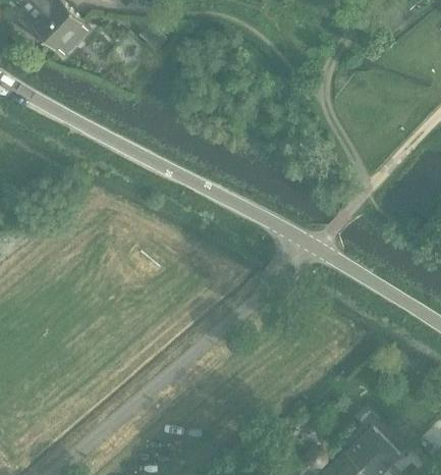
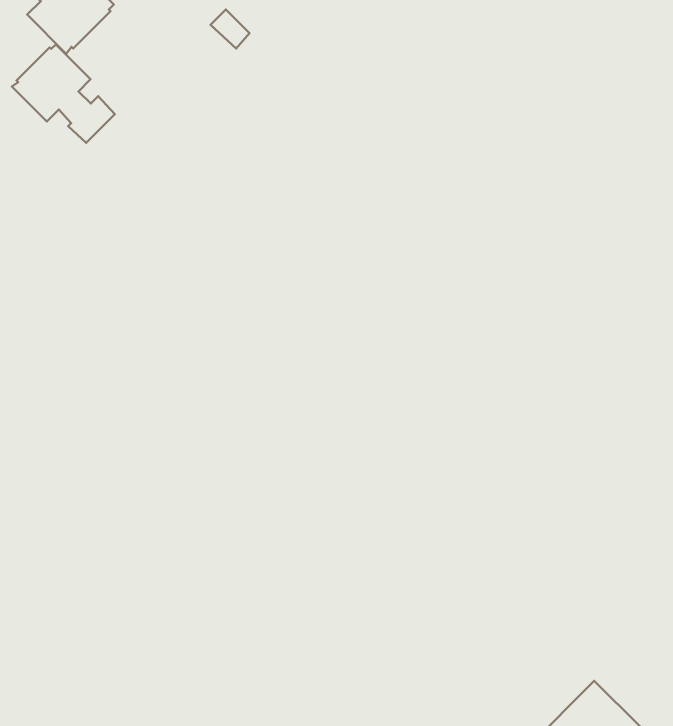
building: none -> [12,44,115,143]

